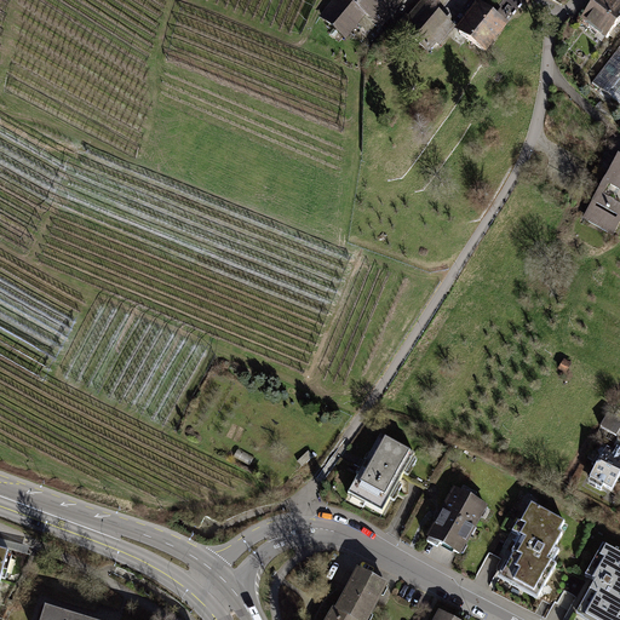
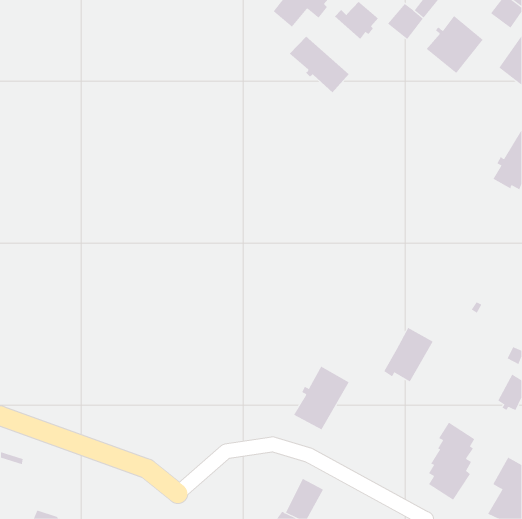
building: none -> [426,15,484,74]
building: none -> [289,36,349,93]
building: [426,486,486,551] -> [383,327,434,382]

